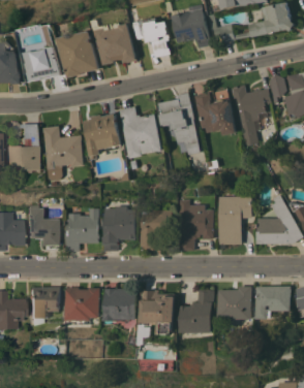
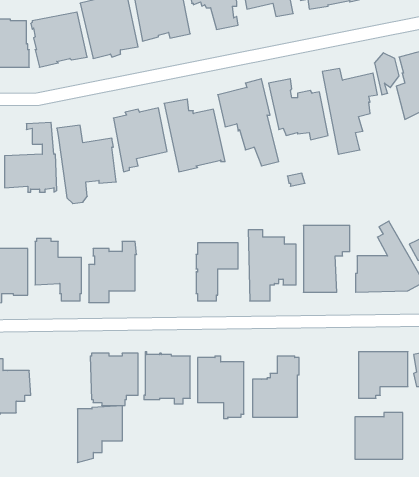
building: [102,205,135,251] -> none
building: [29,286,61,326] -> [77,406,122,463]
building: [219,286,253,319] -> [355,413,403,459]

